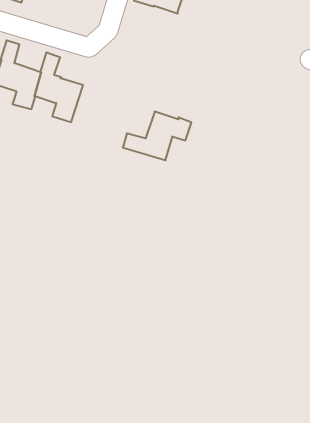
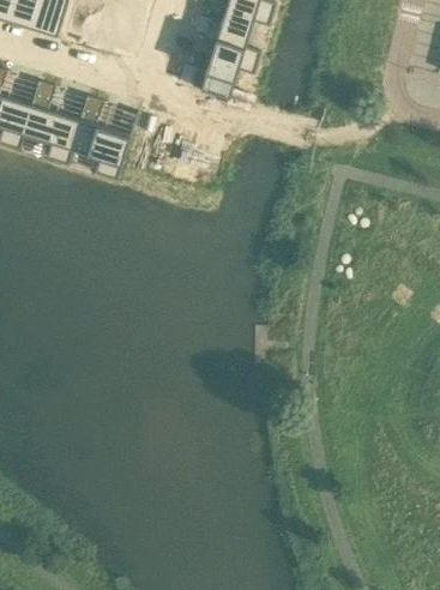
building: [123,111,191,160] -> [177,38,260,97]

